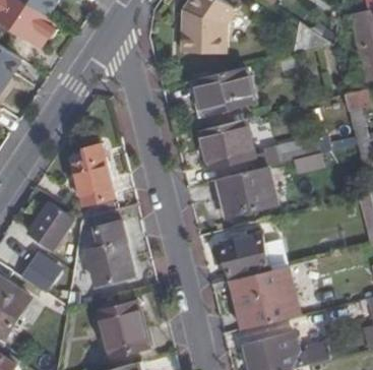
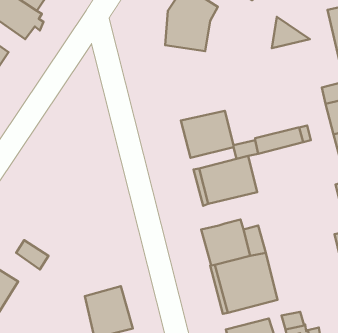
building: [192,65,253,112] -> none
building: [76,143,118,215] -> none
building: [29,203,71,248] -> none
building: [86,222,133,284] -> none

